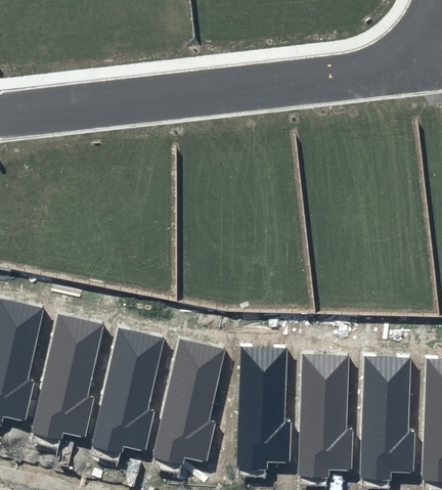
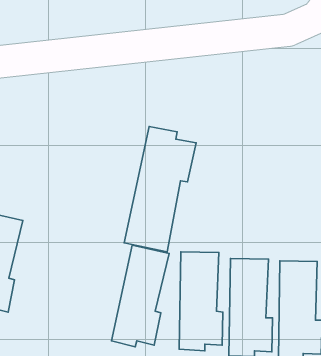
building: none -> [124,127,196,252]
building: [32,313,103,439] -> none
building: [92,327,164,453] -> none

